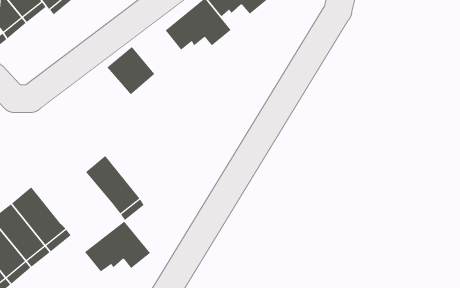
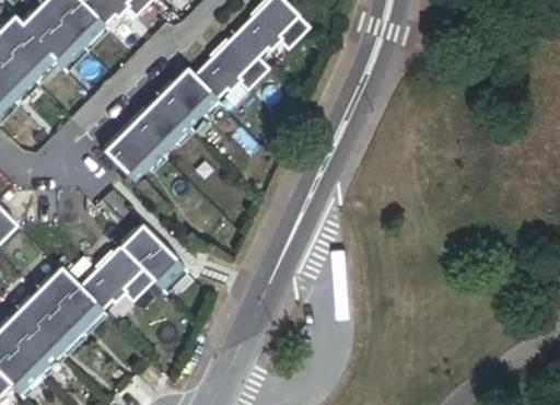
building: none -> [158,69,214,126]
building: none -> [104,125,162,182]
building: [84,221,151,272] -> [79,246,154,308]

